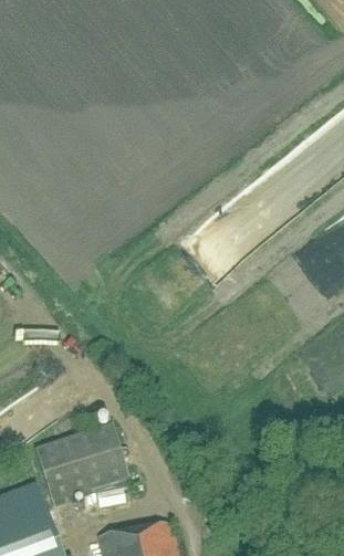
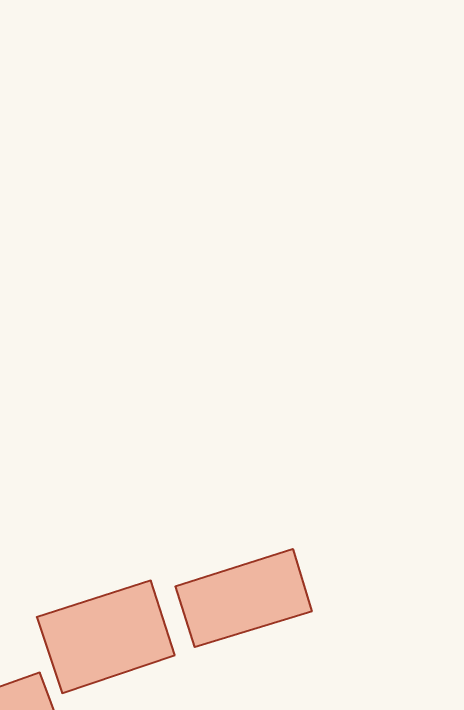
building: none -> [175,549,312,647]

